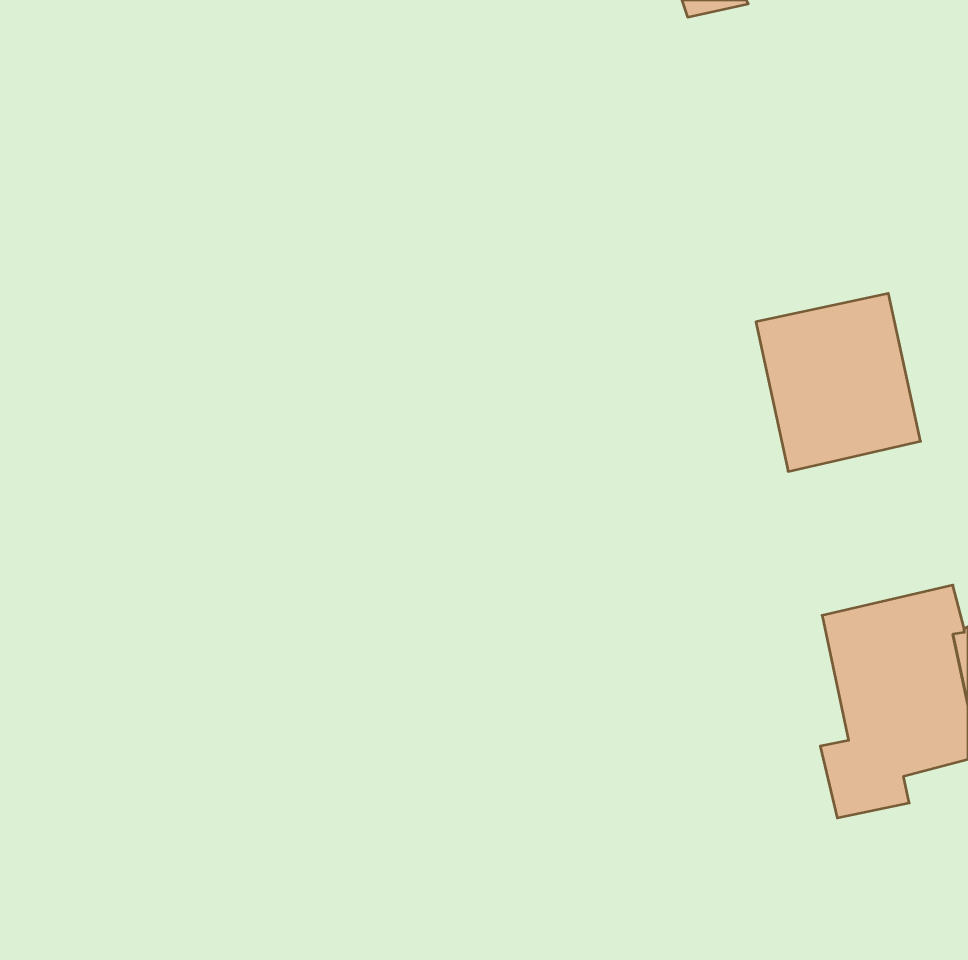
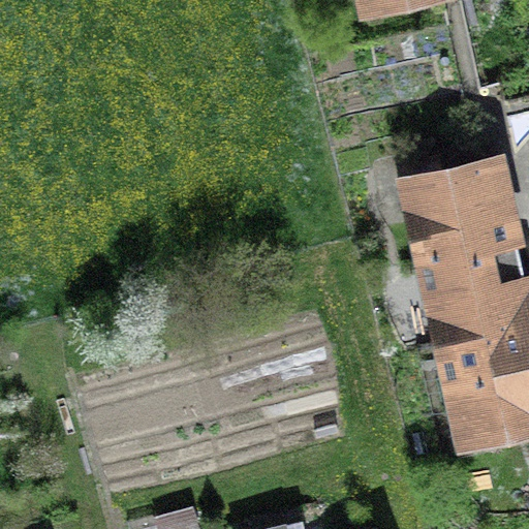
building: none -> [430,245,520,340]

